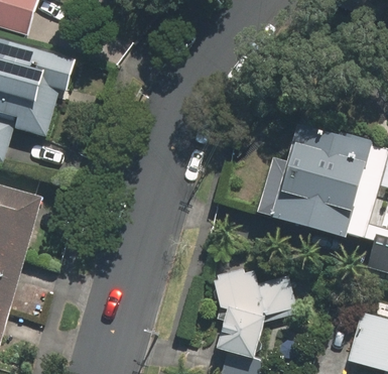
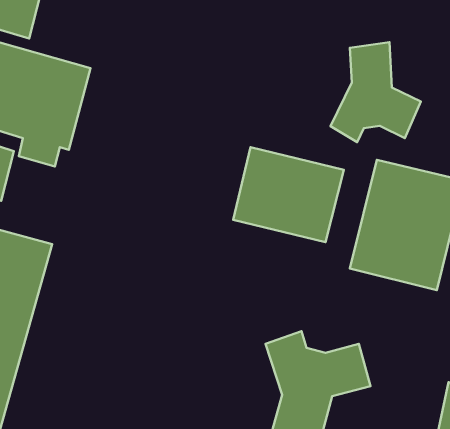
building: none -> [331,42,421,142]
building: none -> [233,147,344,242]

